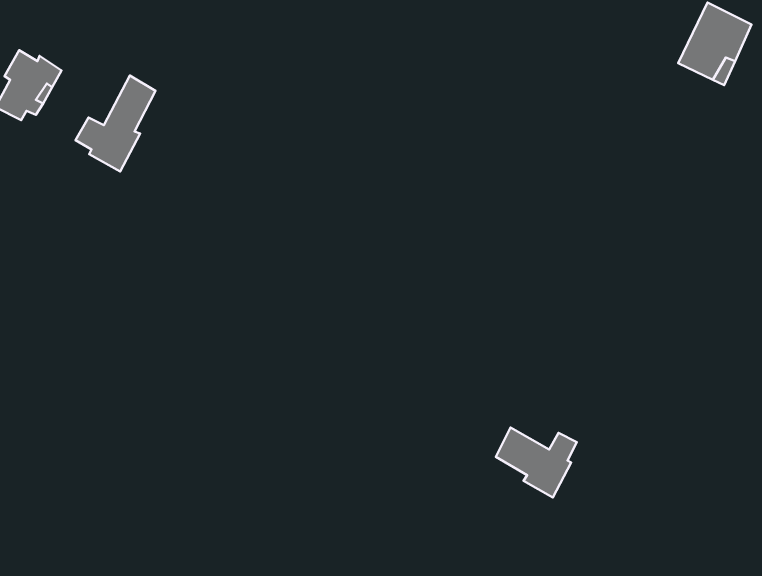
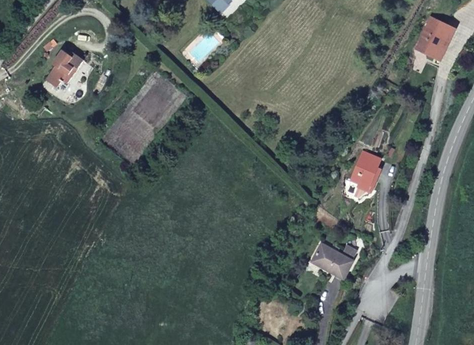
building: [76,75,156,171] -> none
building: none -> [348,159,379,206]

